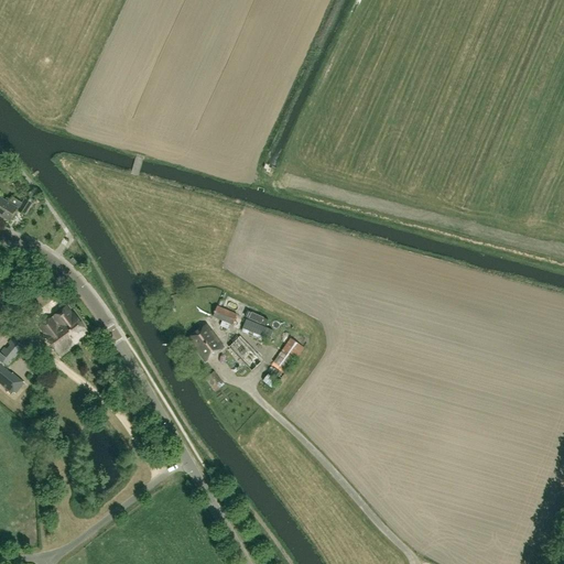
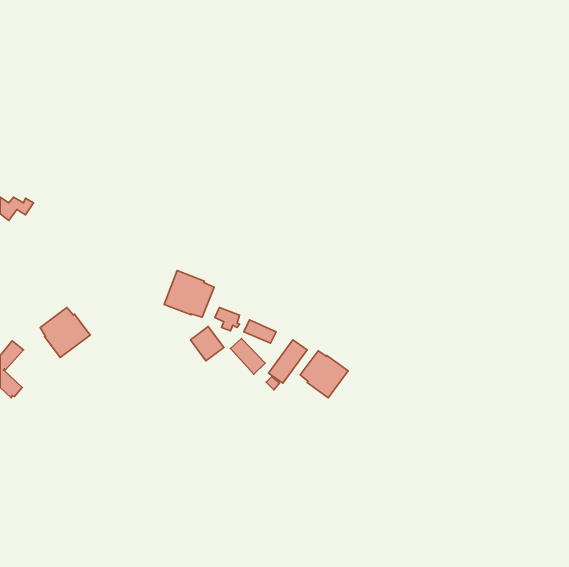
building: none -> [164,270,214,317]
building: none -> [300,351,348,398]

